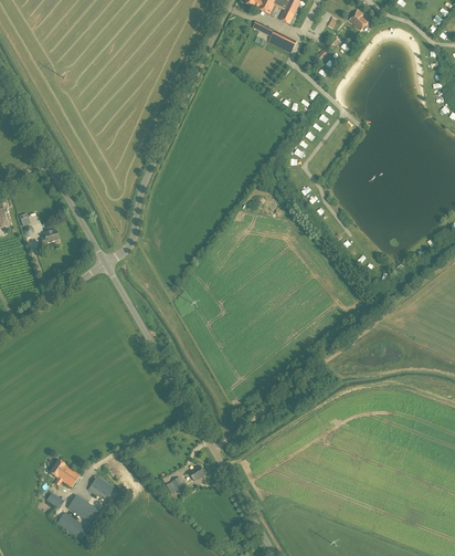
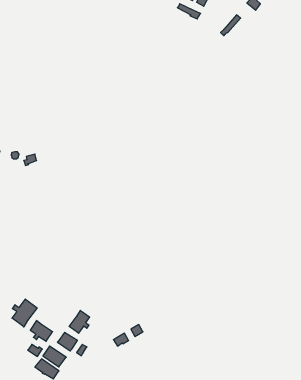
building: none -> [12,299,37,327]
building: none -> [69,310,90,333]

